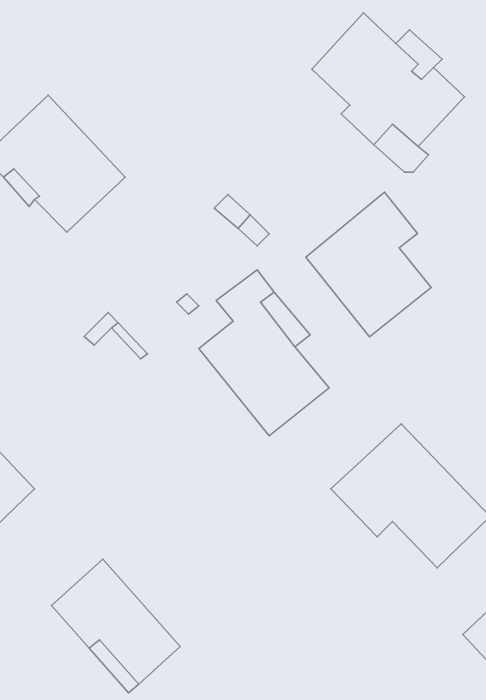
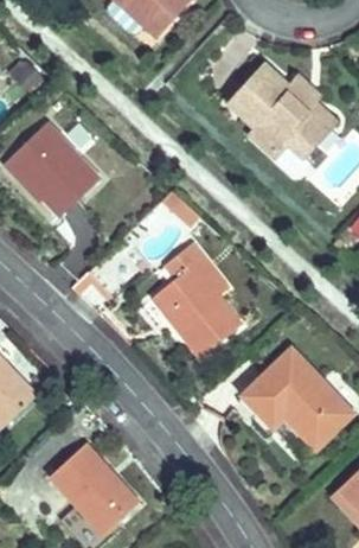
building: [306,192,431,337] -> none

